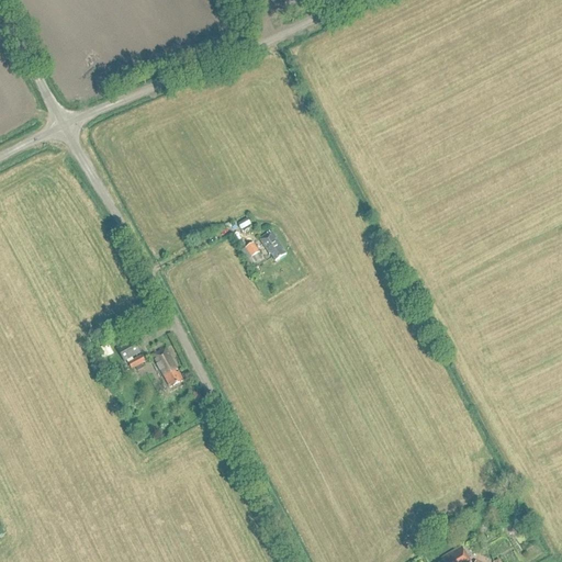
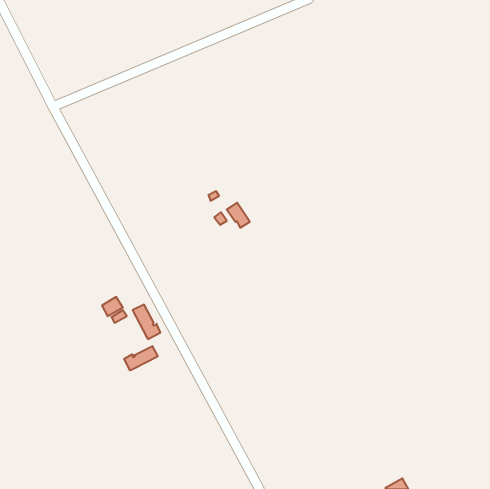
building: none -> [124,346,158,370]

